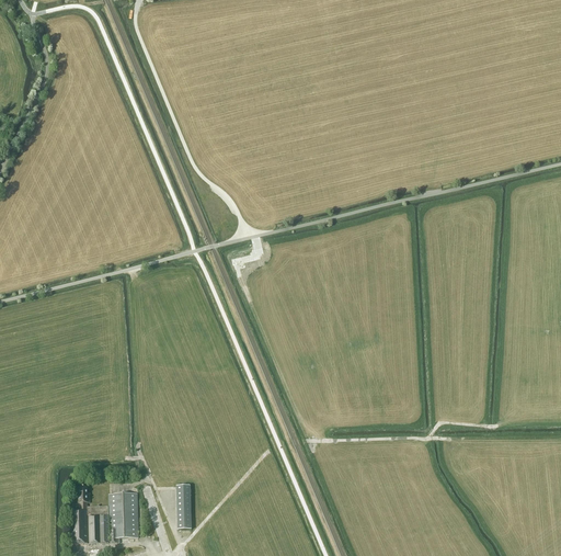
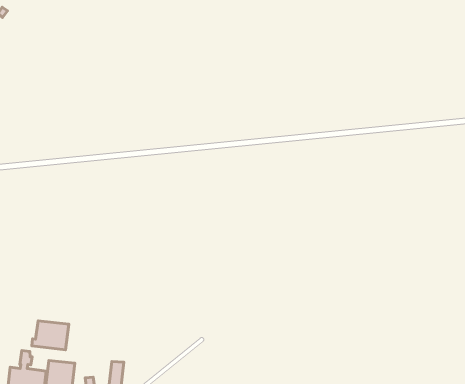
building: none -> [32,321,69,350]

